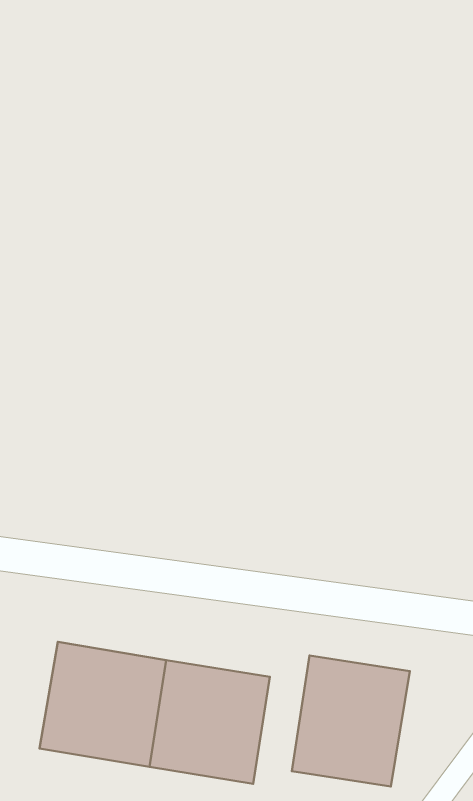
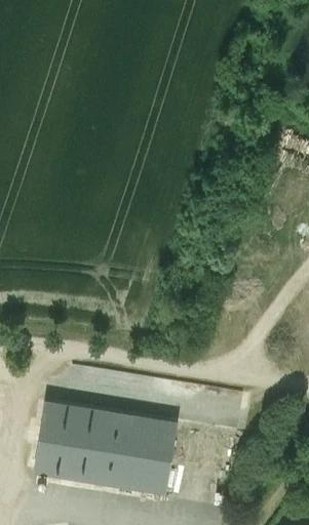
building: [292,655,410,786] -> none

